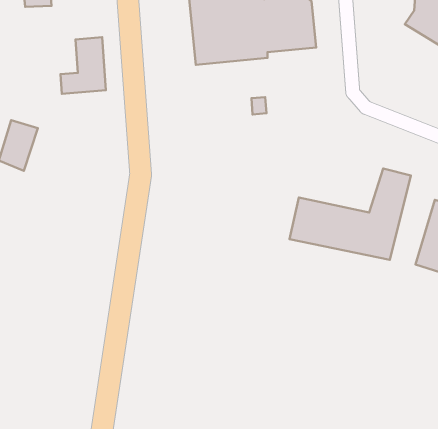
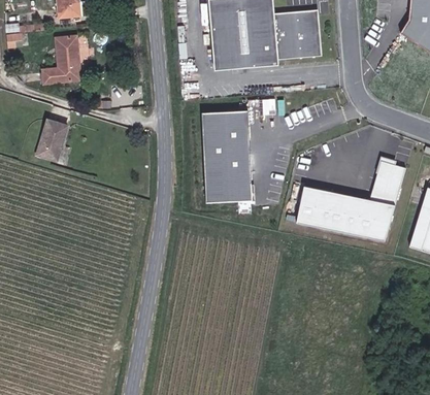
building: [61,37,106,94] -> [43,34,84,85]
building: none -> [200,110,252,203]

